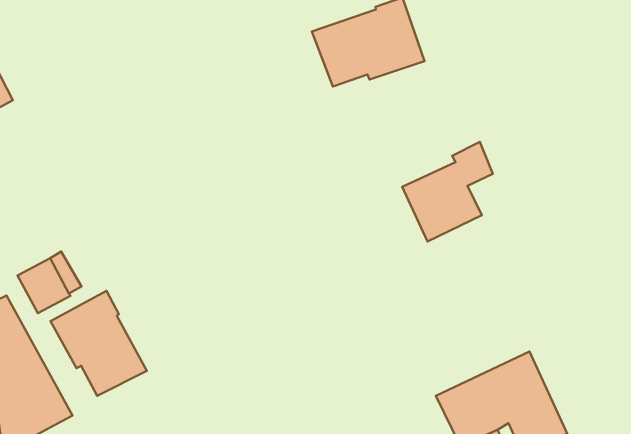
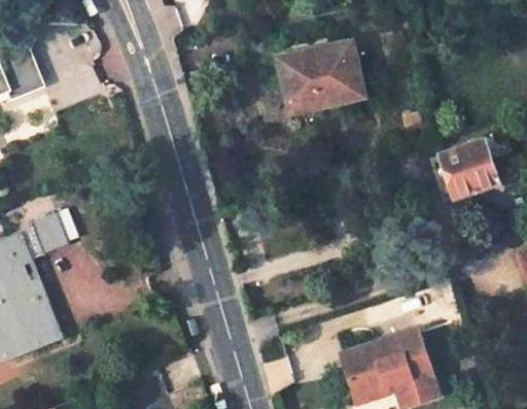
building: [402,142,493,241] -> [440,126,511,198]
building: [50,291,147,396] -> none

